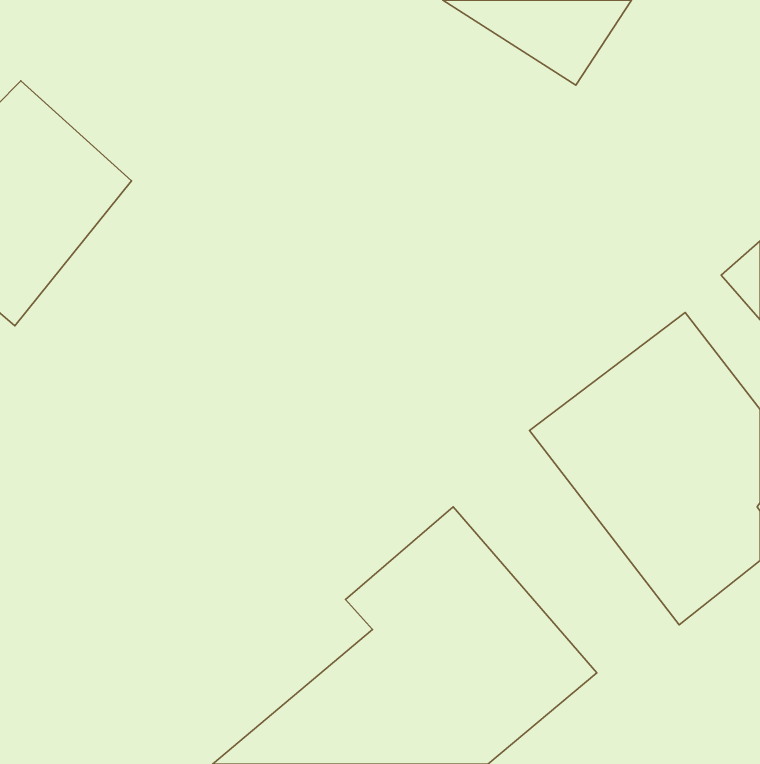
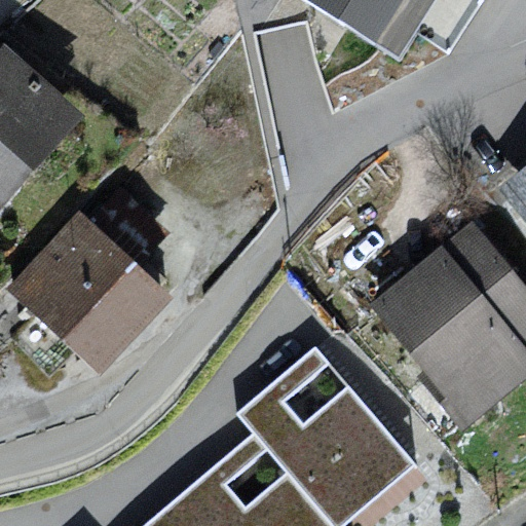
building: none -> [17,218,180,379]

